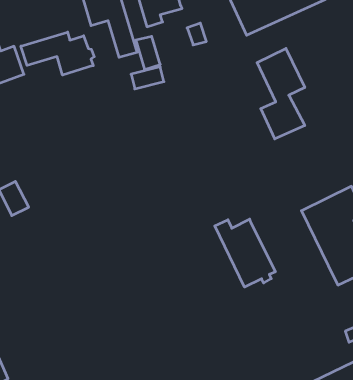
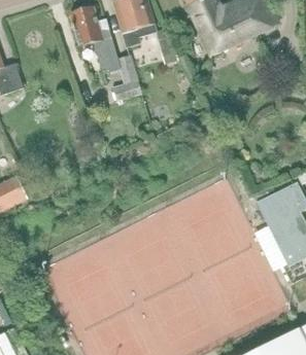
building: [21,32,94,75] -> none
building: [257,48,305,139] -> none
building: [215,219,275,287] -> none

